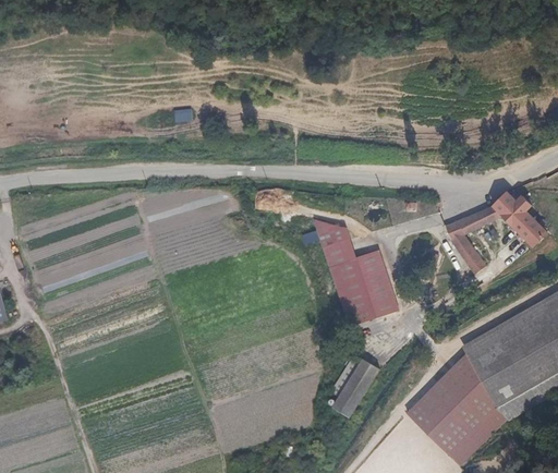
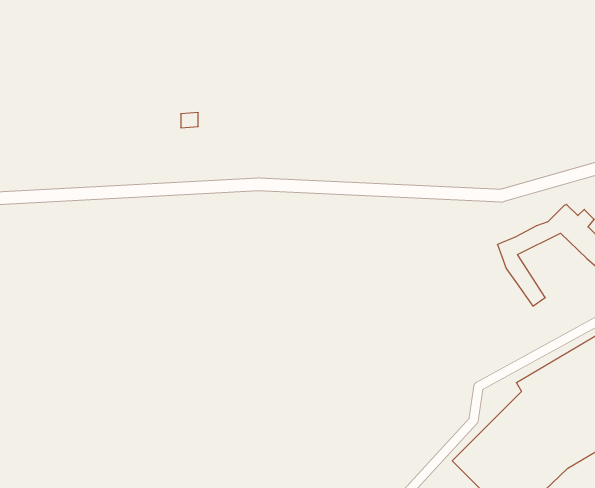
building: [315,219,397,325] -> none
building: [331,359,379,417] -> none

